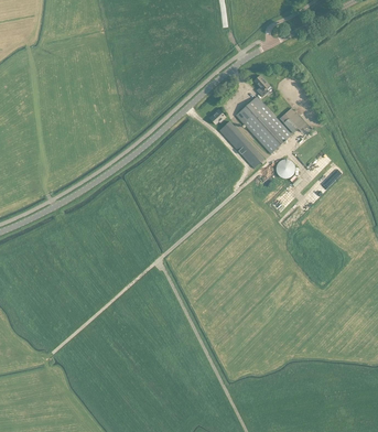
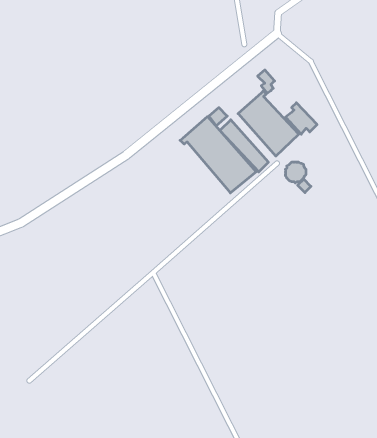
building: none -> [180,117,256,193]

